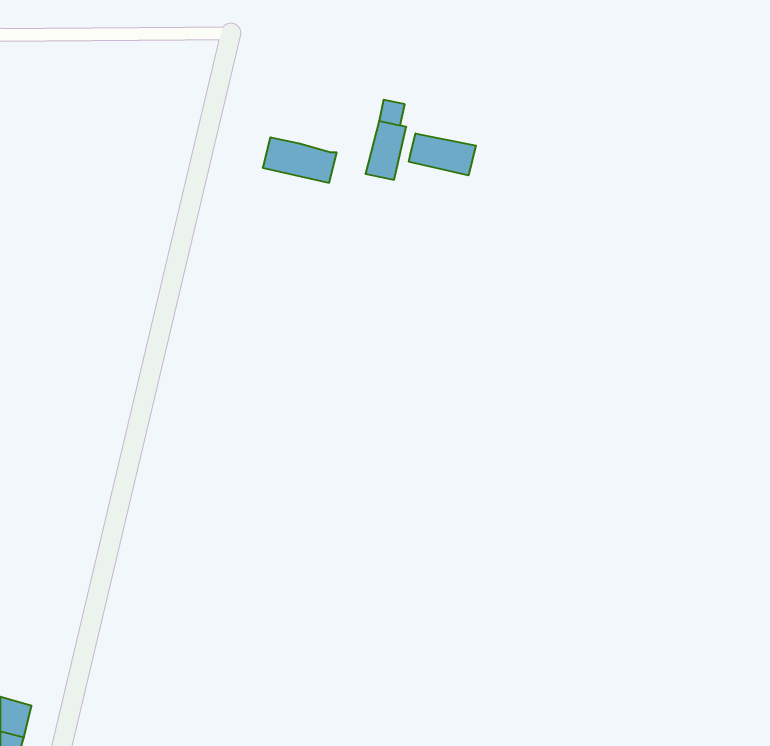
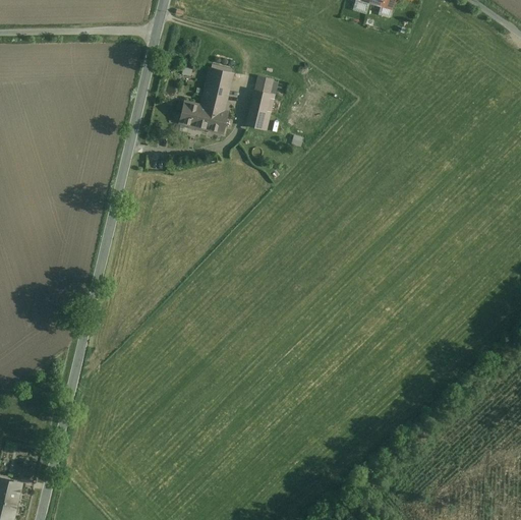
building: none -> [201,67,232,111]
building: [409,133,476,175] -> none

